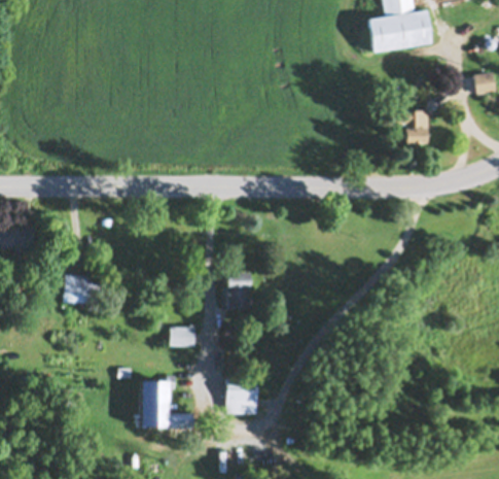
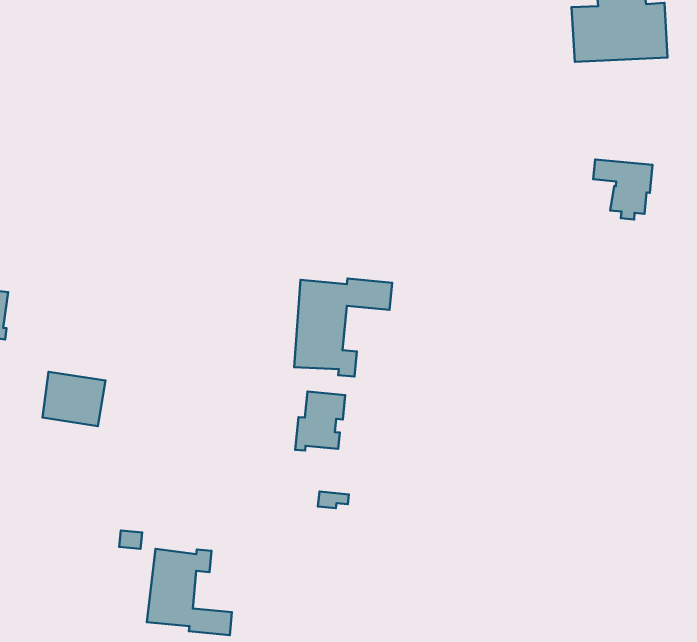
building: none -> [294,278,392,377]
building: [171,327,197,347] -> none
building: [227,379,258,414] -> none

